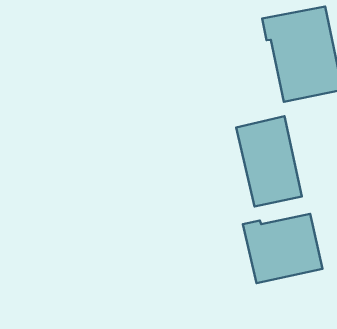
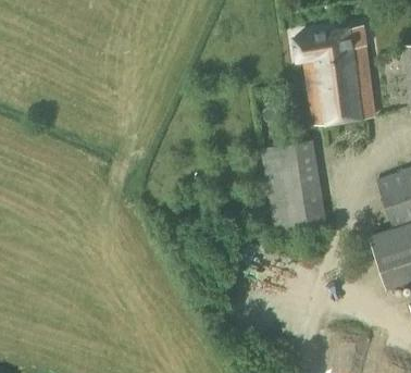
building: [243,214,322,283] -> none

